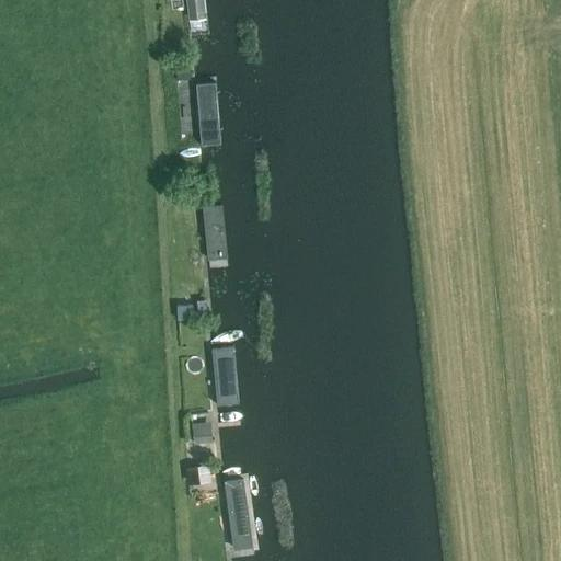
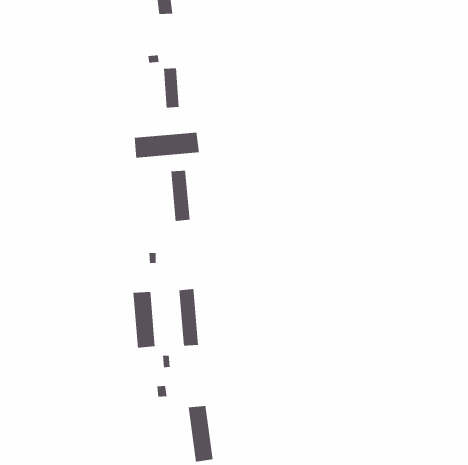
building: none -> [134,132,200,159]
building: none -> [133,291,155,348]

